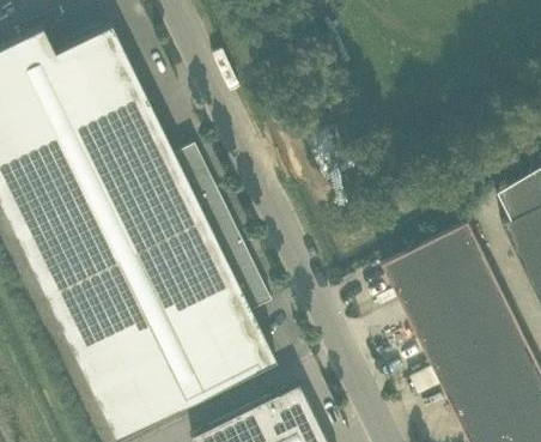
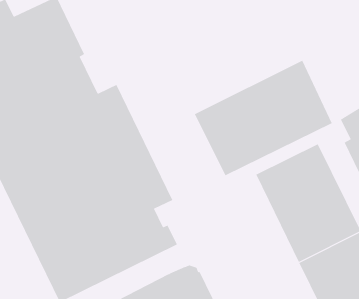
building: none -> [194,60,333,176]

